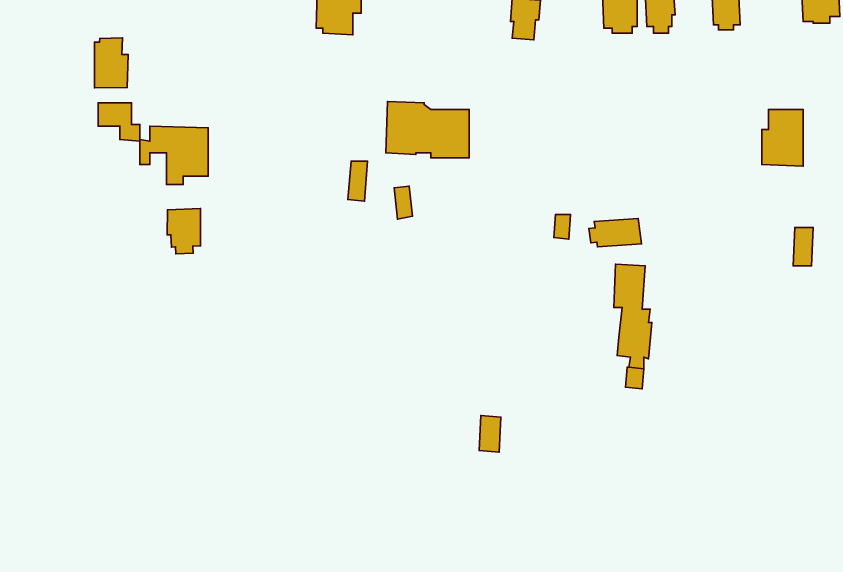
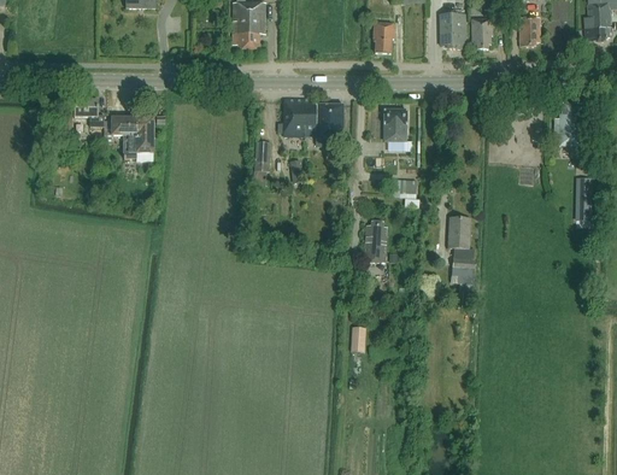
building: [95,38,128,88] -> none
building: none -> [384,109,406,140]
building: [167,209,201,254] -> none
building: [589,219,641,247] -> none
building: none -> [364,219,386,260]

